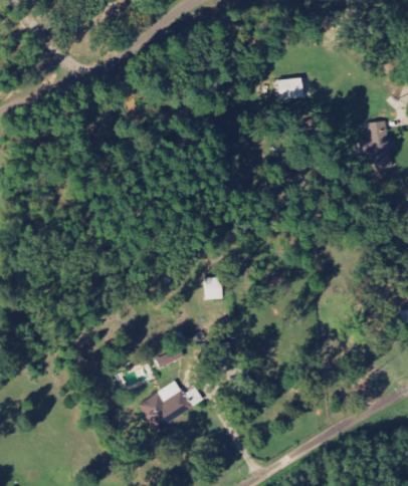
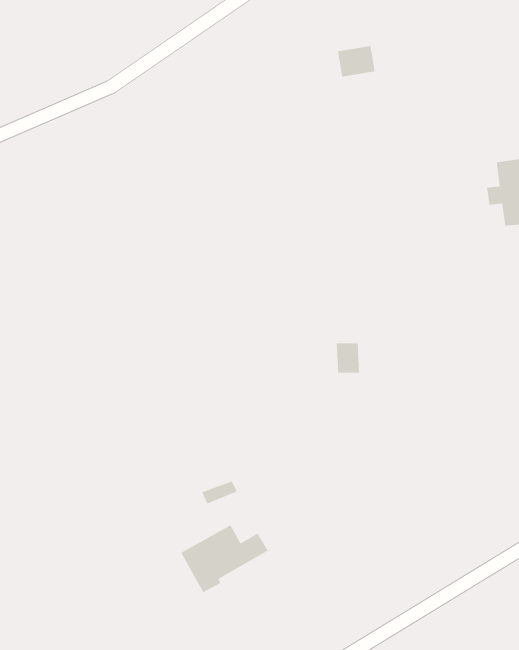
building: [275,76,302,99] -> [337,45,375,78]
building: [203,277,220,299] -> [336,343,360,374]

